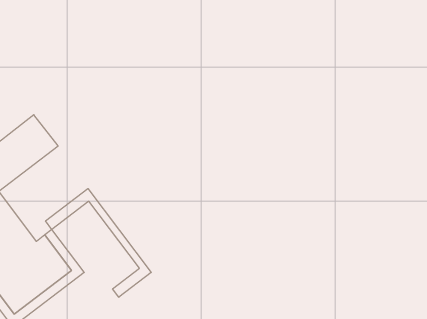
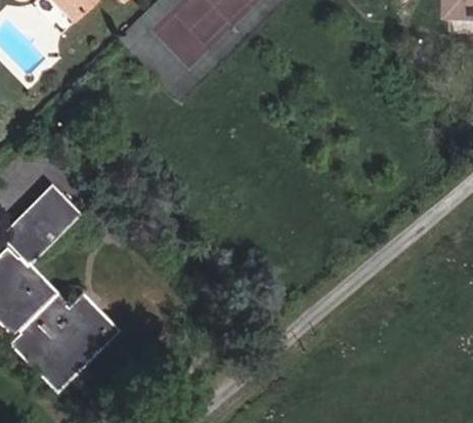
building: [46,189,151,297] -> none

